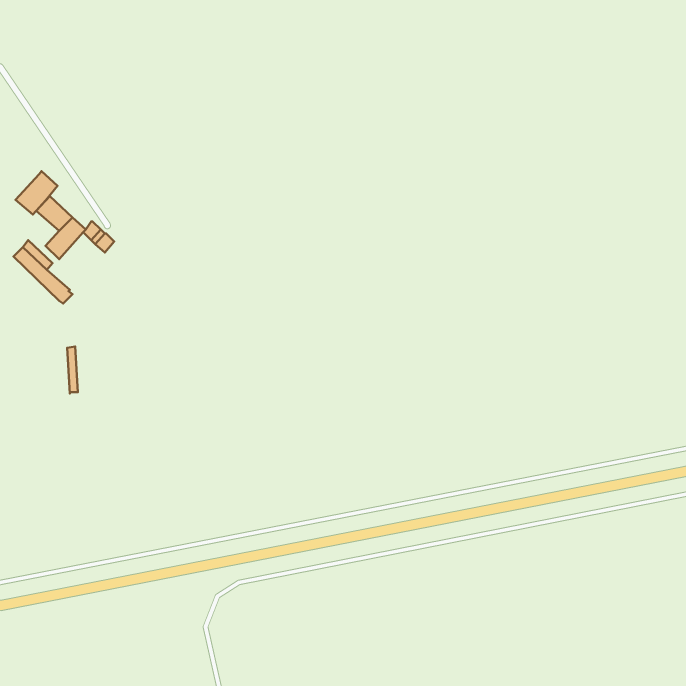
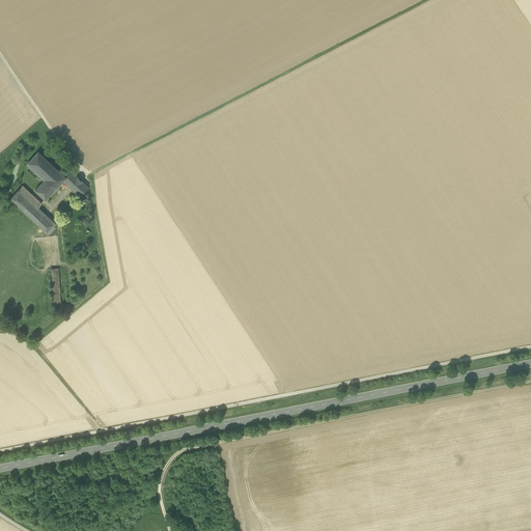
building: [16,171,58,214] -> none

